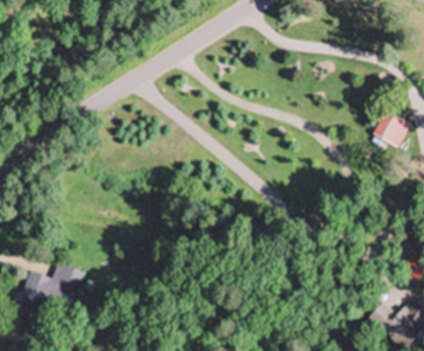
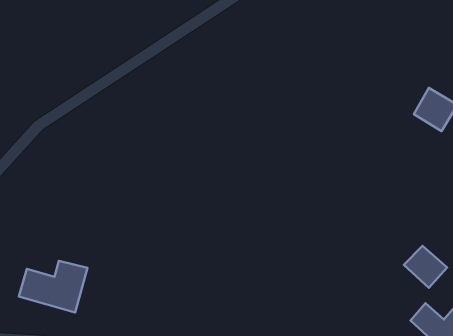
building: none -> [404,246,447,288]

